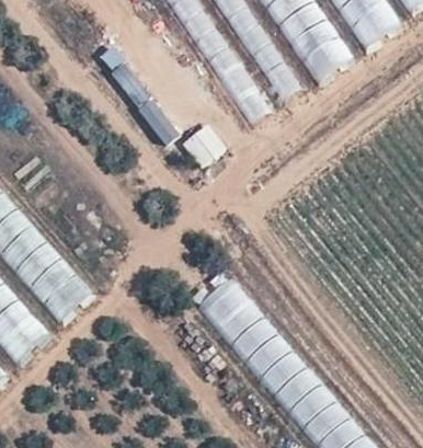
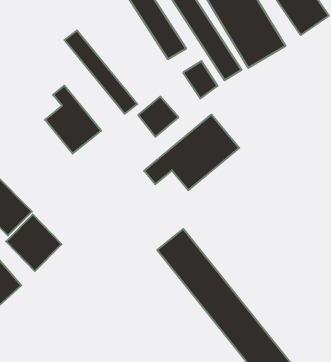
building: none -> [45,86,101,154]
building: none -> [144,115,239,190]

